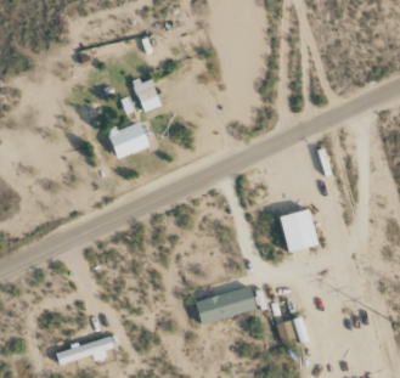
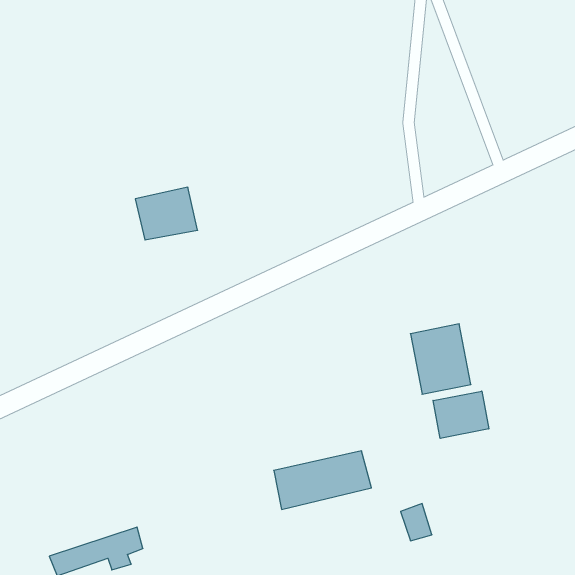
building: [130,77,160,112] -> none
building: none -> [433,391,489,438]

